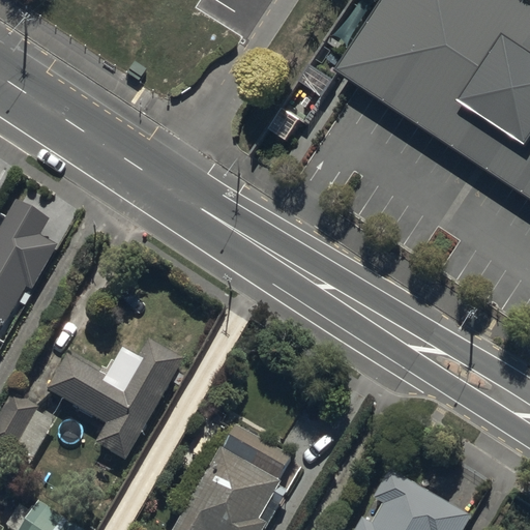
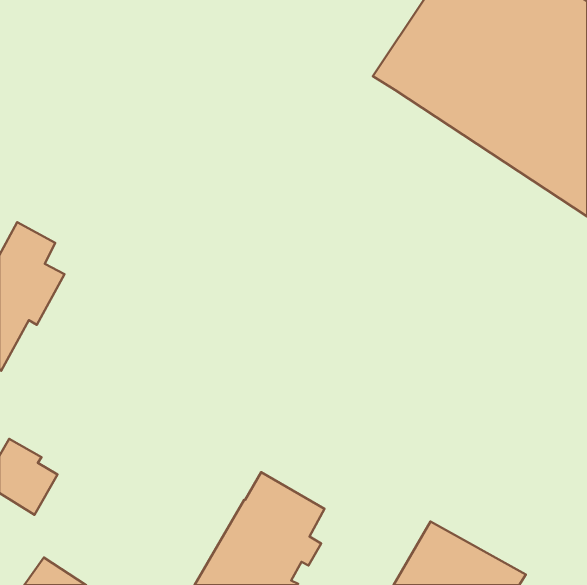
building: [47,340,184,464] -> none

